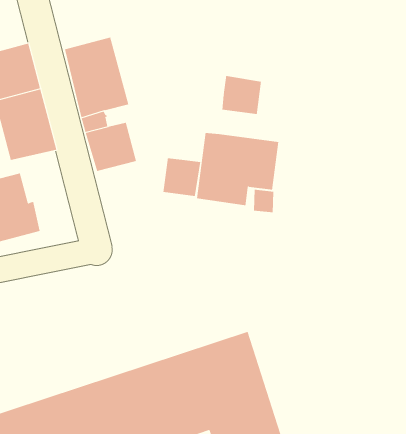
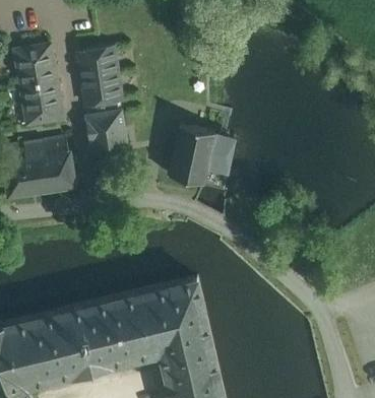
building: [222,75,262,115] -> none
building: [163,158,201,197] -> none
building: none -> [36,139,74,190]

